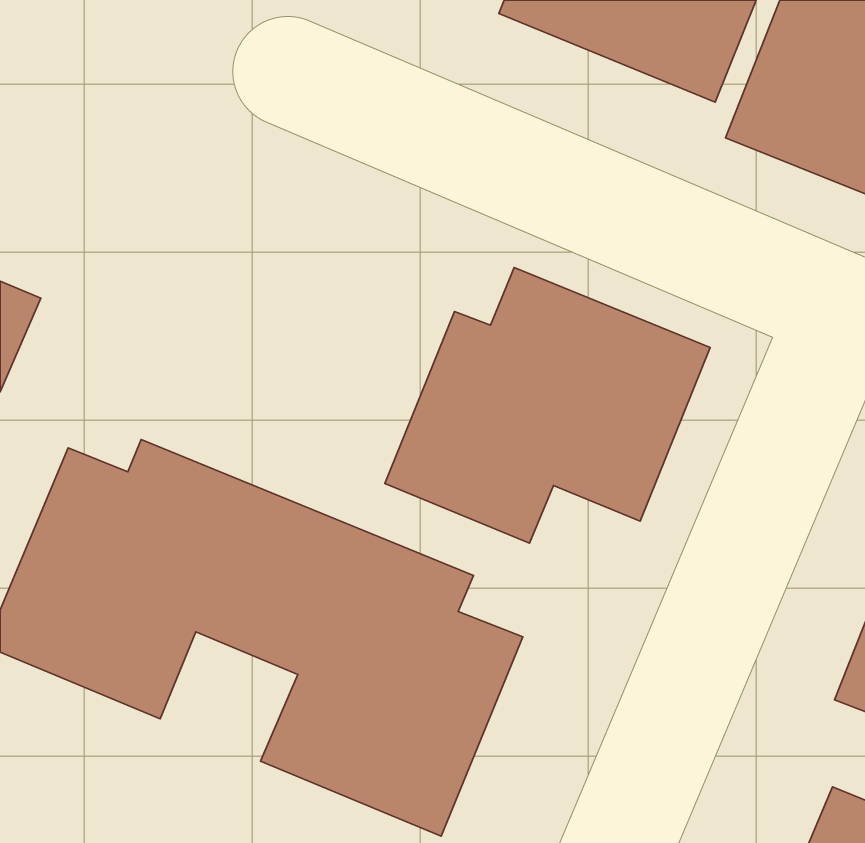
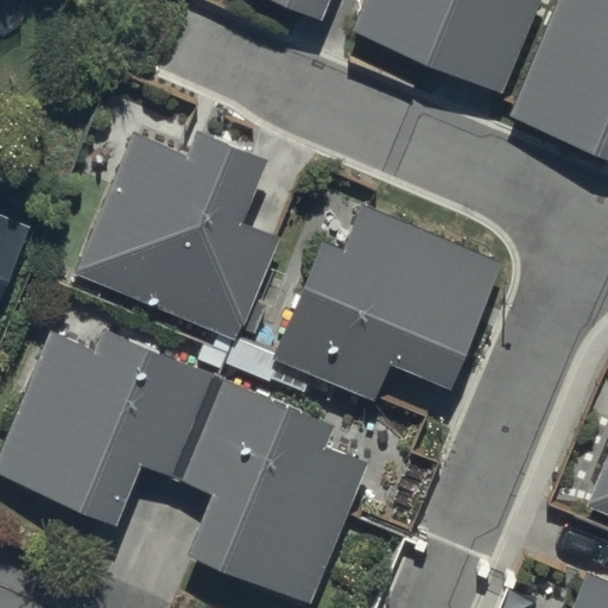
building: none -> [75,126,279,340]

